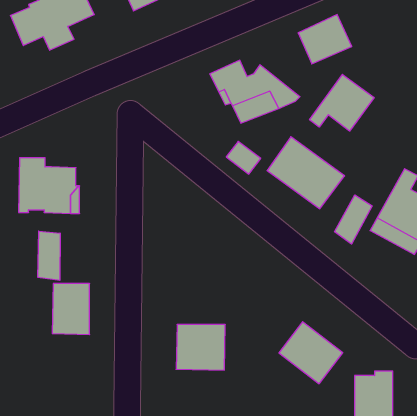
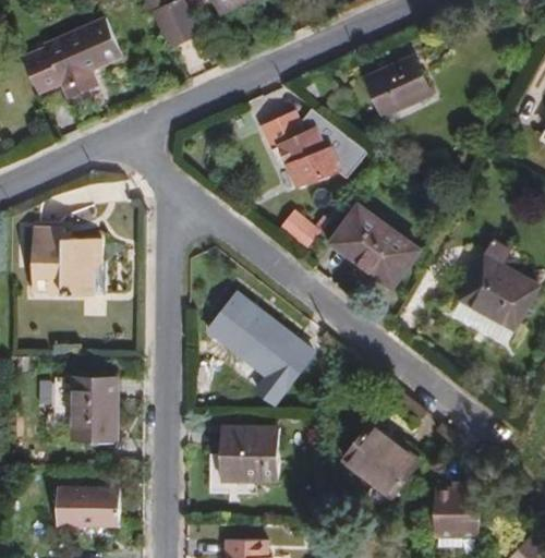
building: [310,74,374,131] -> none
building: [335,195,372,244] -> none
building: none -> [207,293,311,401]
building: [38,231,60,280] -> none
building: none -> [57,489,120,524]

